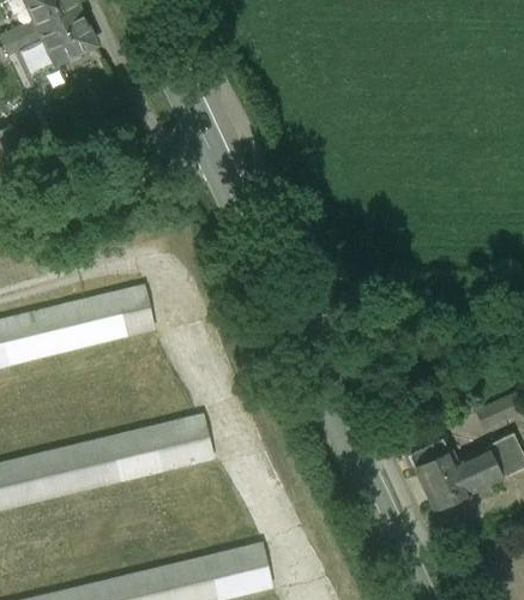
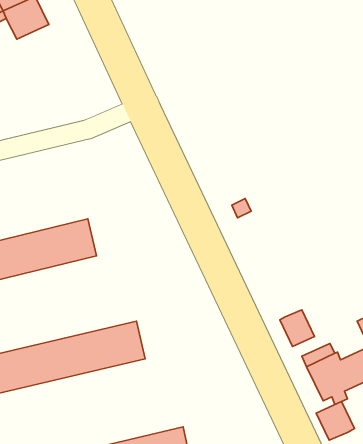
building: none -> [280,310,314,346]
building: none -> [316,402,354,440]

